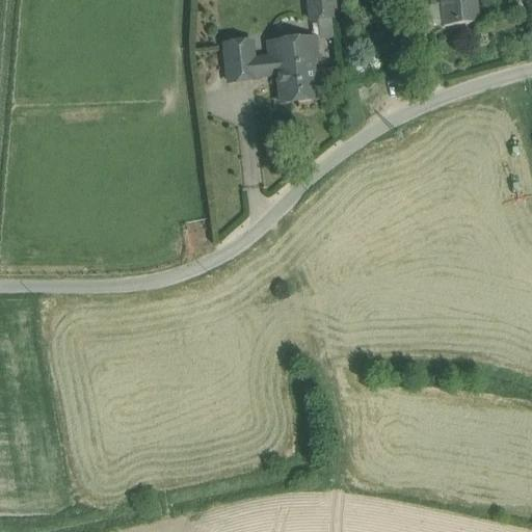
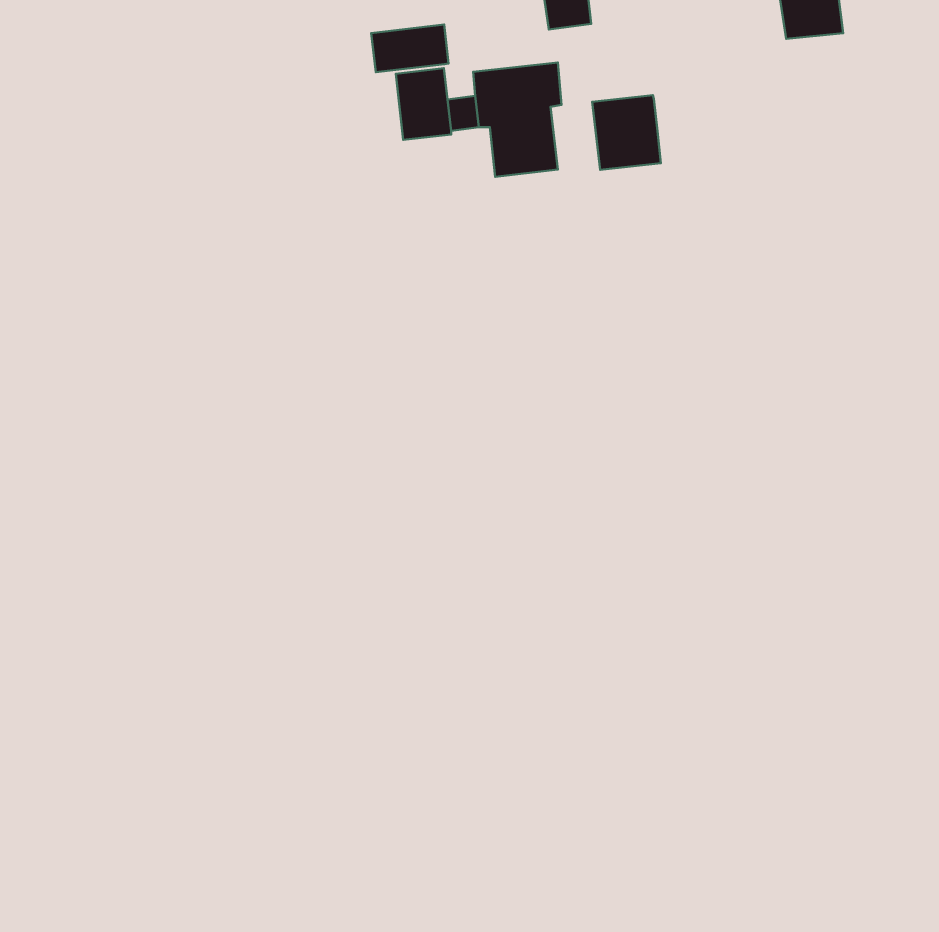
building: none -> [371,24,449,72]
building: none -> [592,95,661,170]

